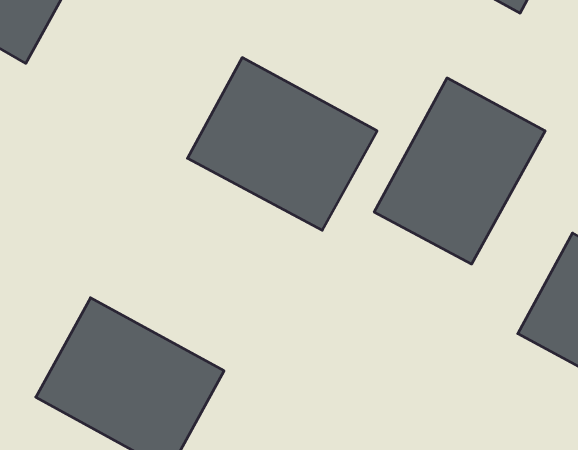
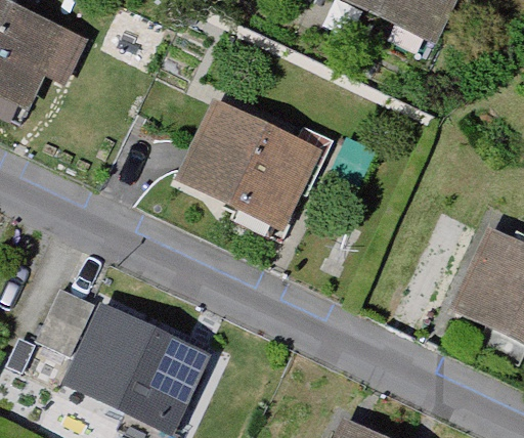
building: [374,78,545,264] -> none

